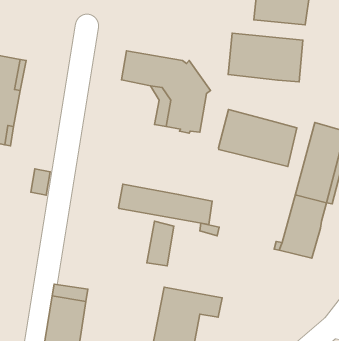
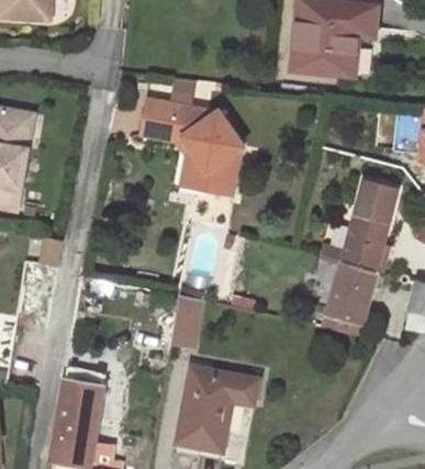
building: [228,33,303,82] -> none
building: [218,110,297,167] -> none
building: [119,184,212,225] -> none

